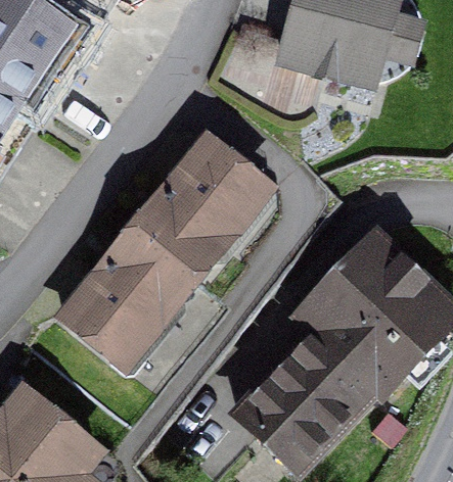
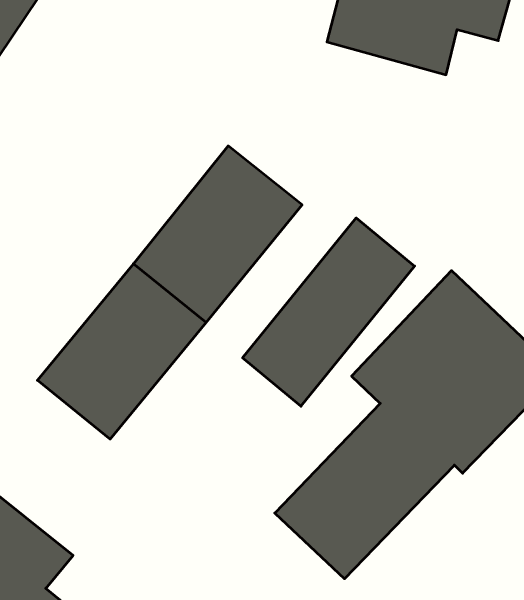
building: none -> [243,218,415,406]

